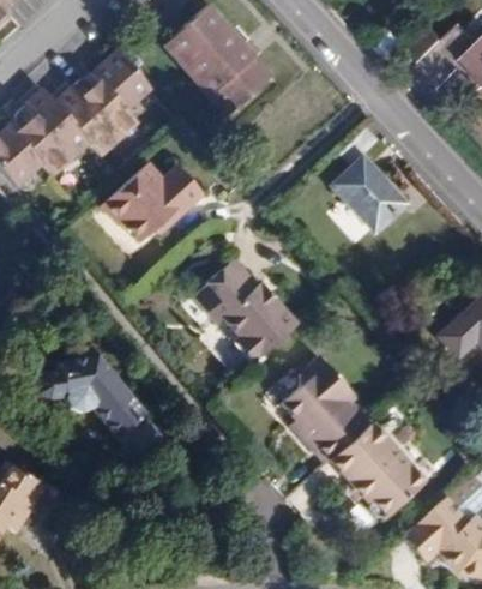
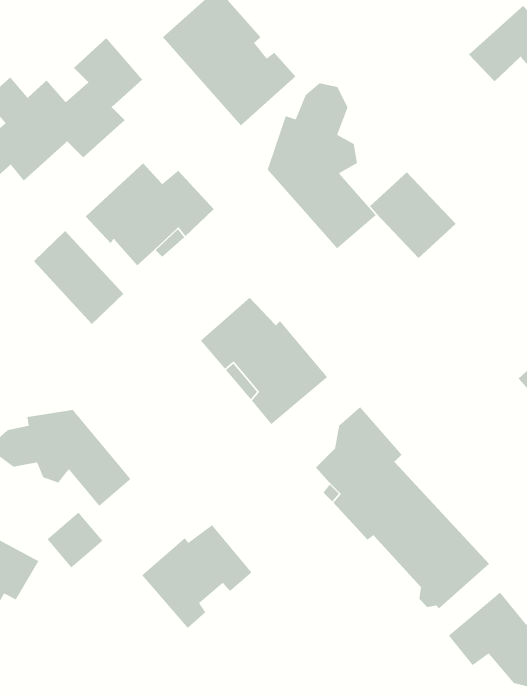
building: none -> [267,82,377,249]
building: none -> [33,230,124,325]
building: [110,409,157,456] -> [47,512,103,568]
building: none -> [141,524,253,629]

